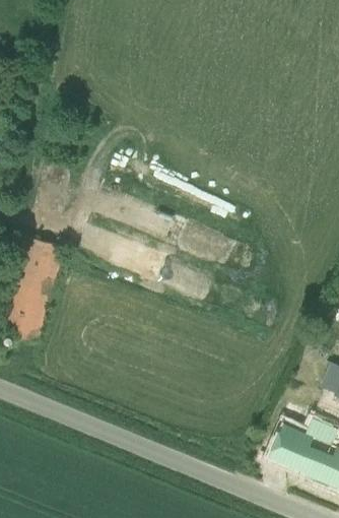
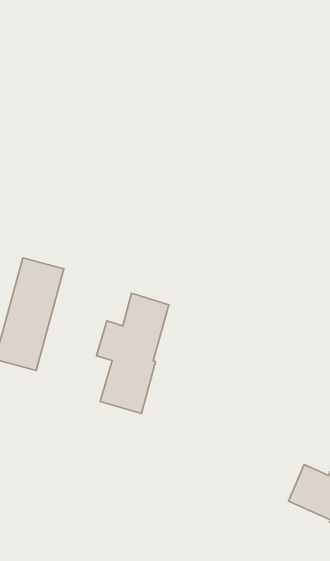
building: none -> [96,293,169,413]

